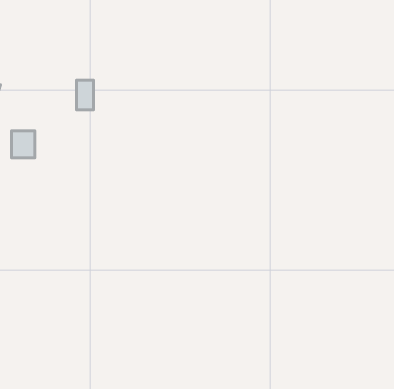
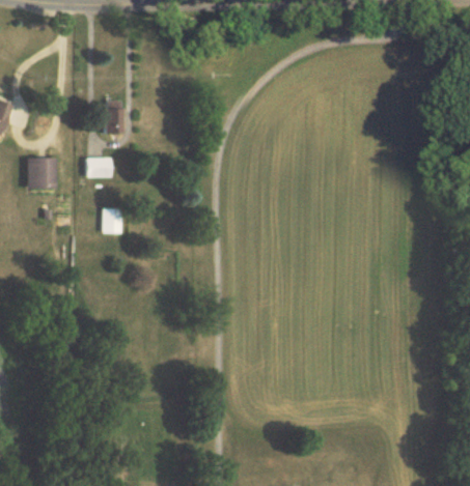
building: none -> [85,156,109,176]
building: none -> [103,207,122,233]

